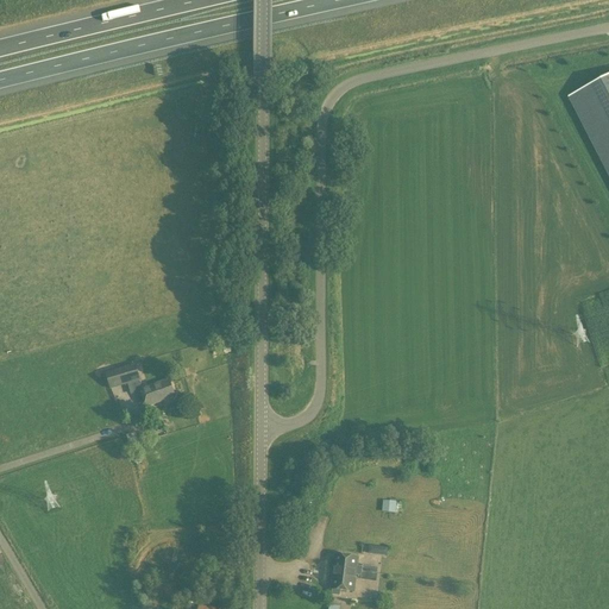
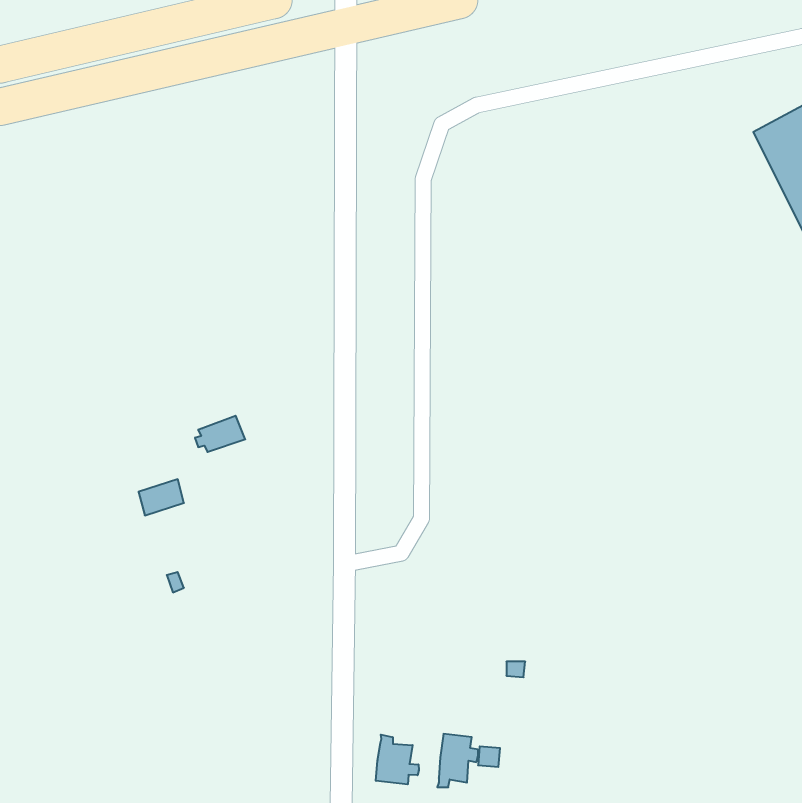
building: [138,379,176,407] -> [195,416,245,452]
building: none -> [376,735,419,784]

